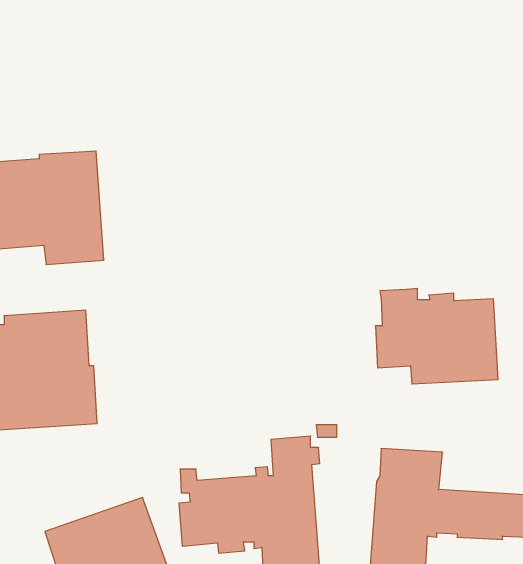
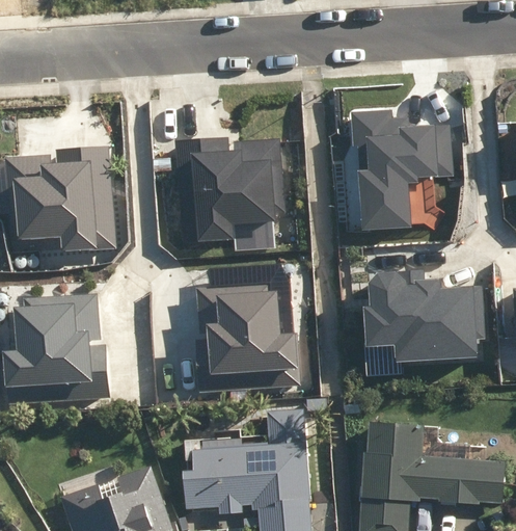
building: none -> [352,110,453,230]
building: none -> [174,137,286,249]
building: none -> [195,285,300,392]

